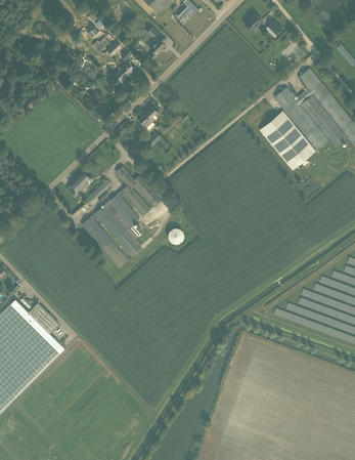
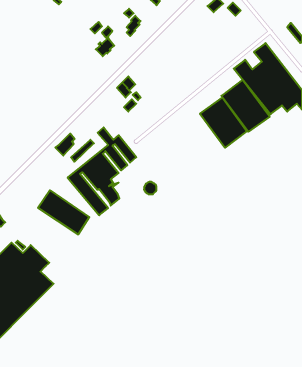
building: none -> [200,97,247,148]
building: none -> [38,190,89,235]

